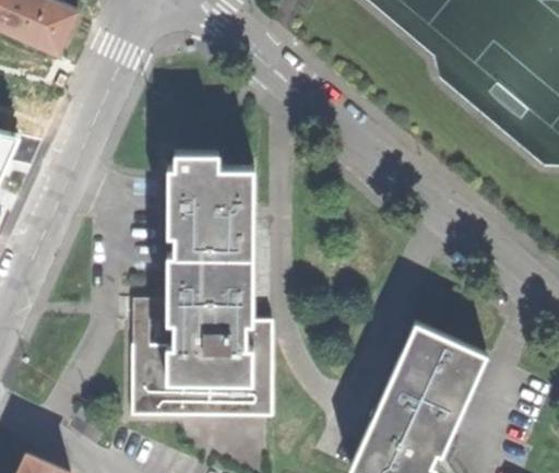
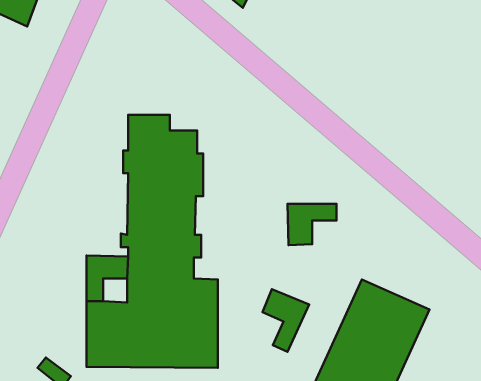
building: none -> [288,204,337,245]
building: none -> [262,289,309,352]

